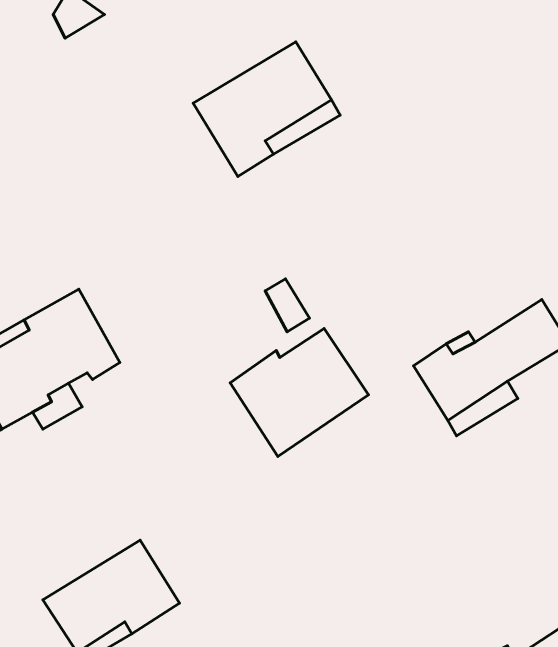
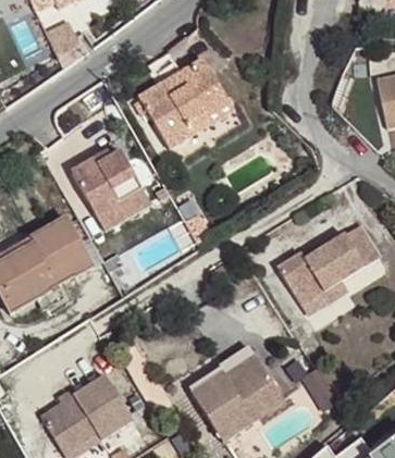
building: none -> [76,141,157,227]
building: [230,328,369,456] -> [192,357,280,438]

